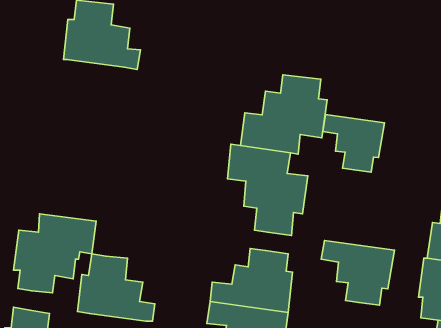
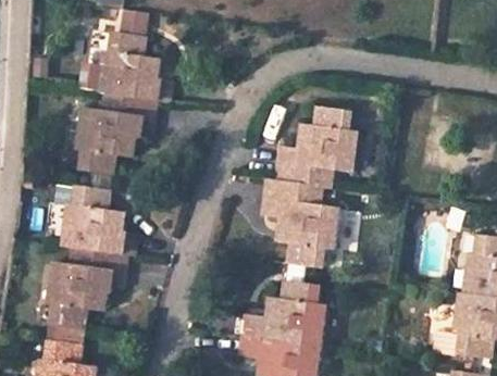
building: none -> [74,91,156,172]
building: [323,114,384,172] -> none
building: [321,240,394,305] -> none
building: [78,254,155,321] -> [59,186,136,253]

